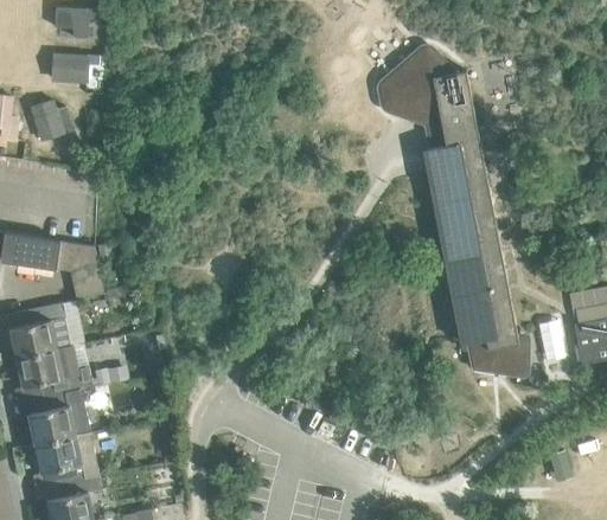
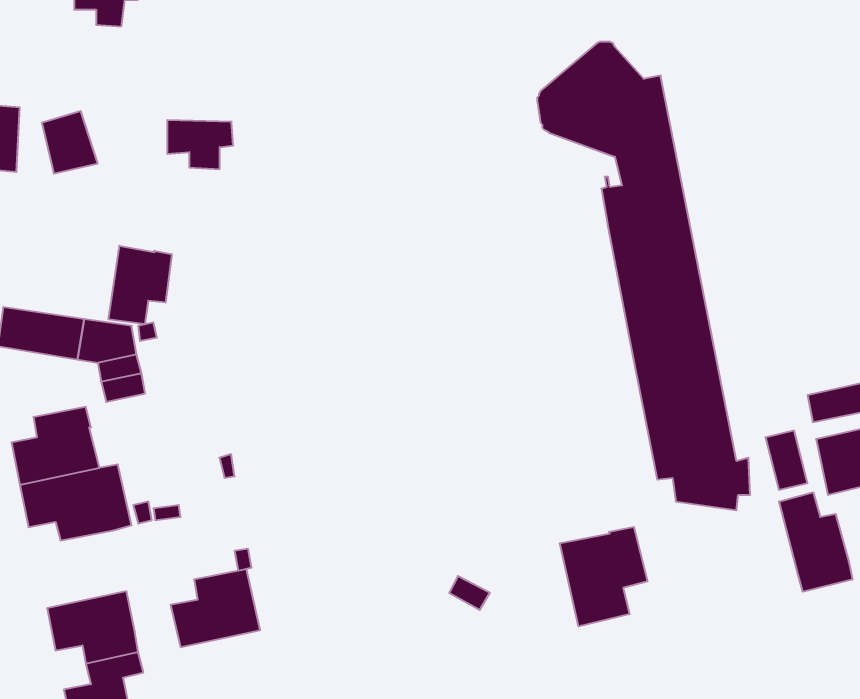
building: [51,47,97,82] -> [167,120,233,169]
building: none -> [109,246,172,324]
building: none -> [779,492,852,592]
building: none -> [560,527,647,626]
building: [27,391,90,445] -> [170,569,260,647]

